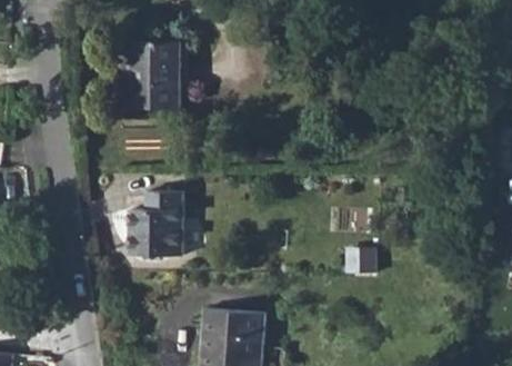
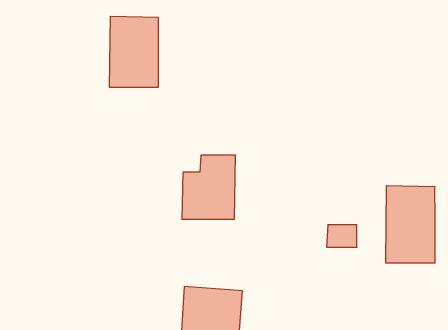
building: [127,192,180,256] -> [182,155,236,219]
building: none -> [386,185,435,263]

